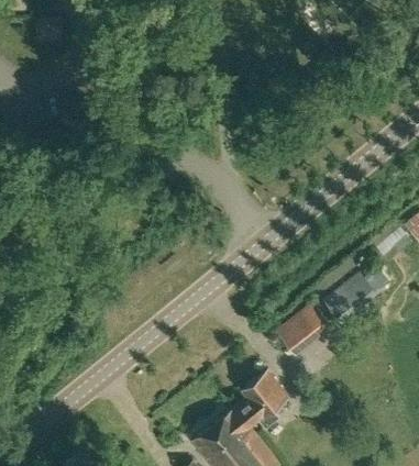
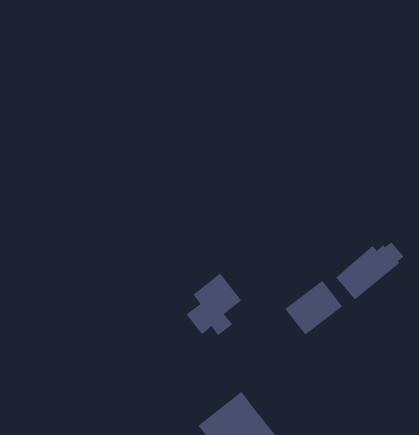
building: [232,370,286,431] -> [186,273,242,336]

